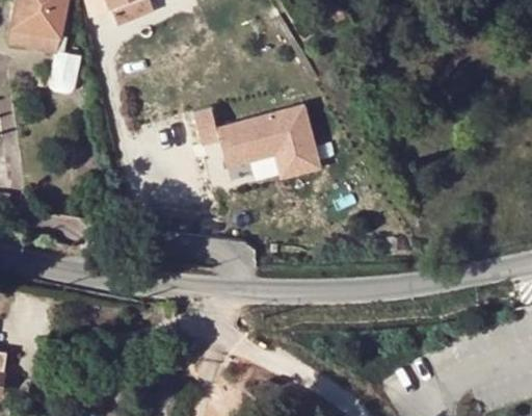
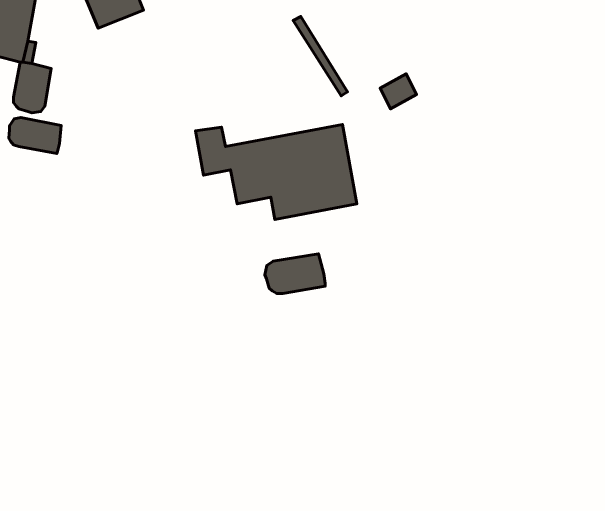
building: none -> [9,117,61,154]
building: none -> [265,254,325,294]

